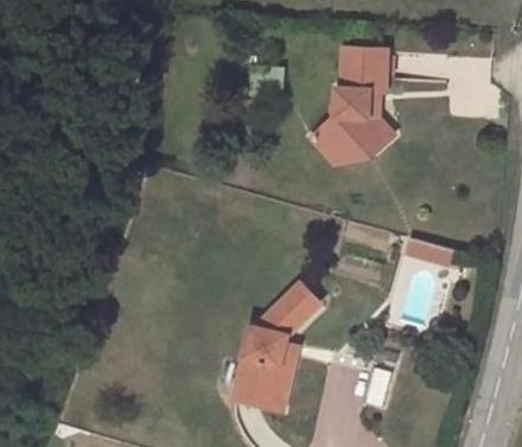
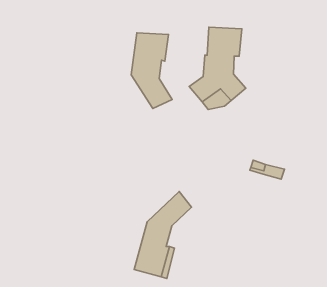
building: none -> [131,33,172,108]

